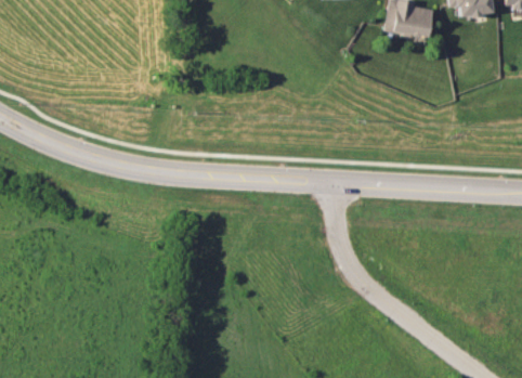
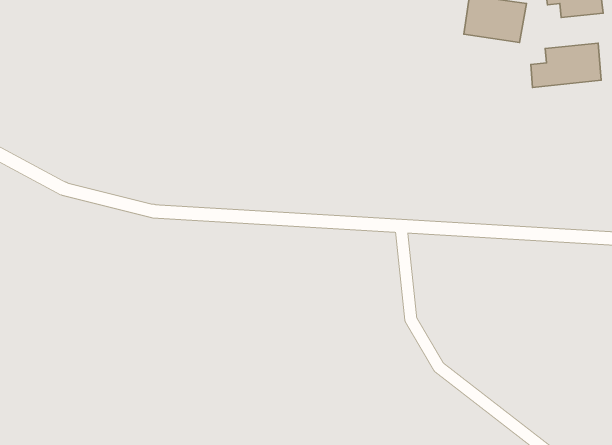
building: none -> [531,43,601,87]

